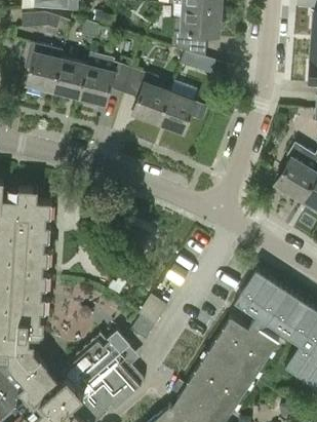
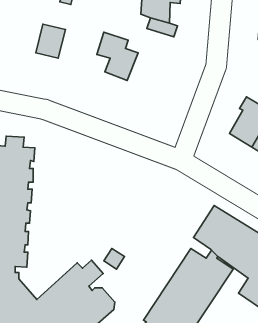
building: [25,42,64,92] -> none
building: [79,52,131,106] -> none
building: [158,92,196,133] -> none

